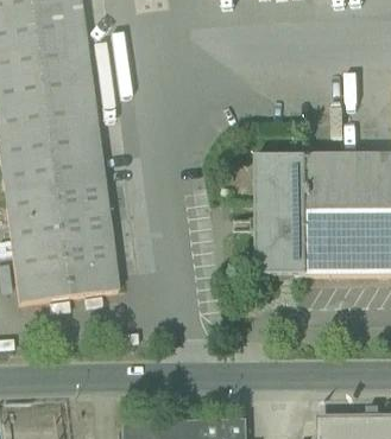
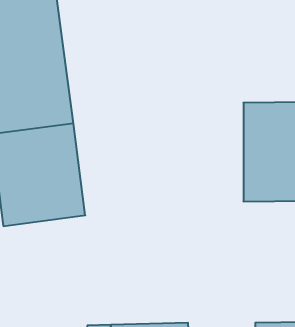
building: [256,153,308,272] -> none

